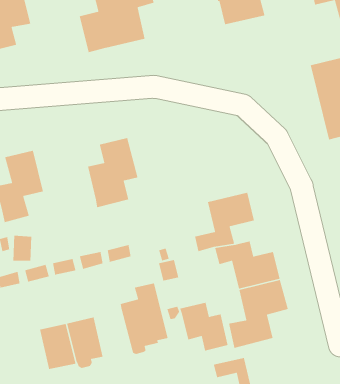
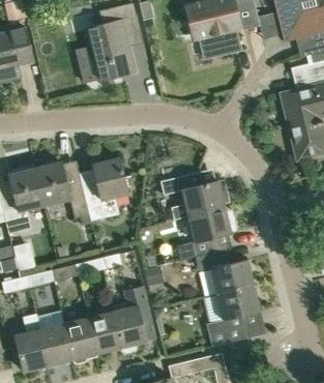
building: none -> [34,163,89,217]
building: none -> [161,173,227,218]
building: [179,302,229,351] -> none
building: none -> [88,311,121,353]
building: none -> [14,314,48,371]

